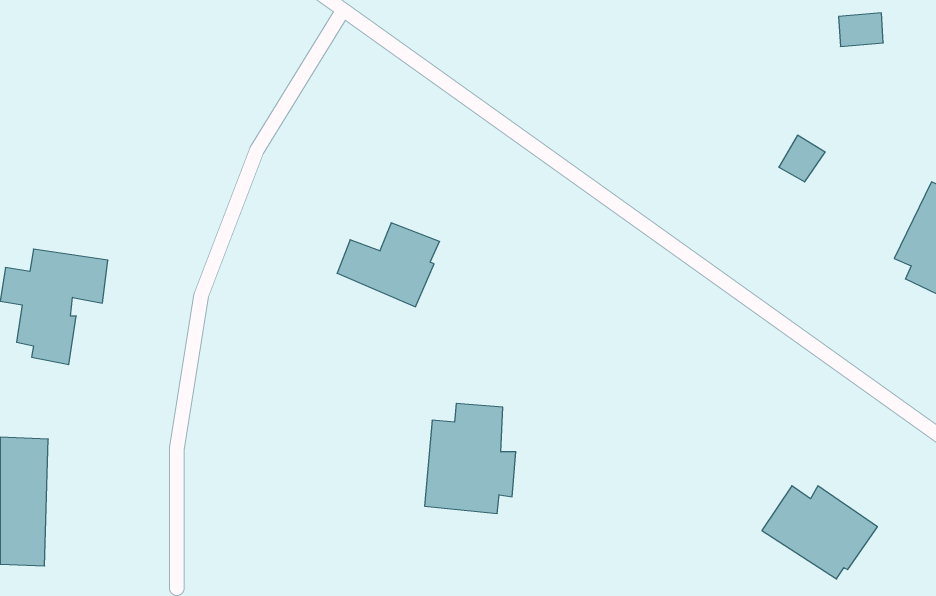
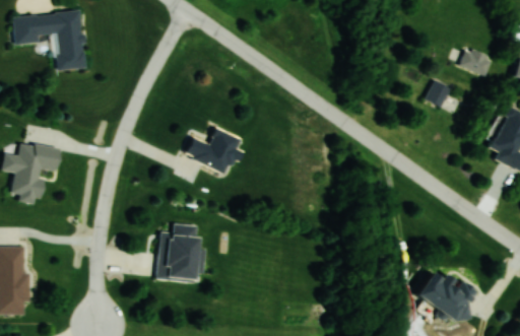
building: none -> [12,11,83,70]
building: [839,13,883,46] -> [463,52,488,70]
building: [425,403,516,513] -> [155,222,205,282]

